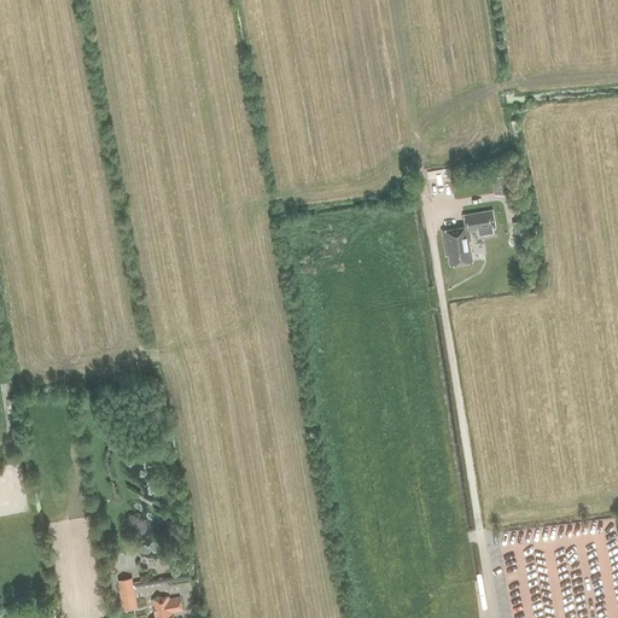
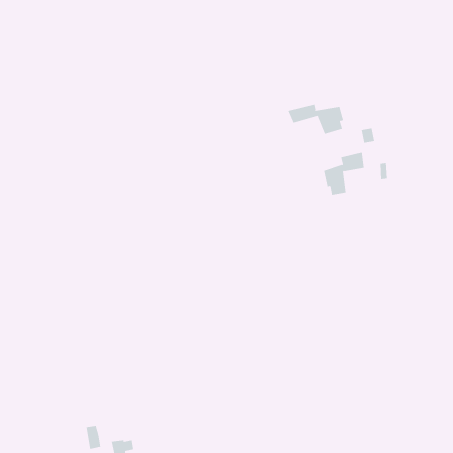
building: none -> [287,104,344,134]

